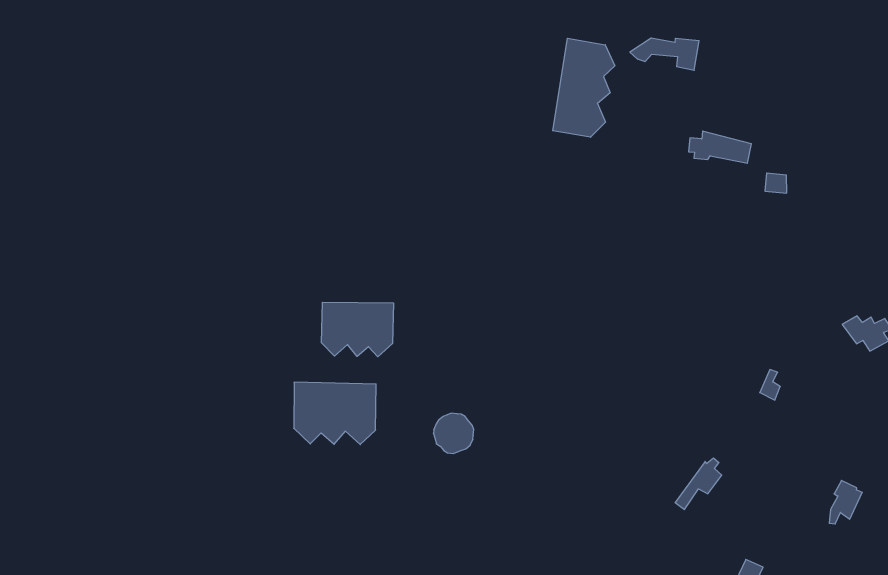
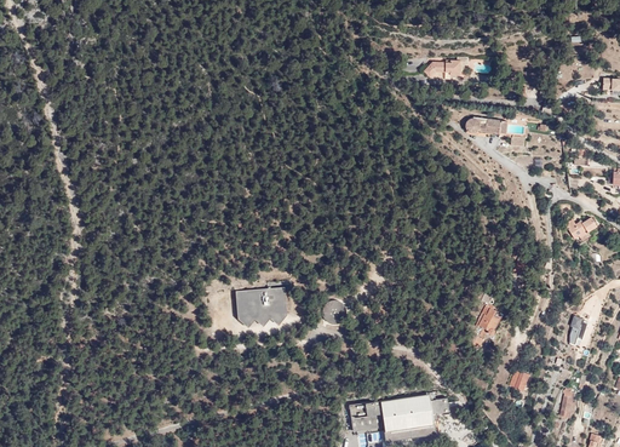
building: [553,38,615,137] -> none
building: [322,302,393,357] -> none

